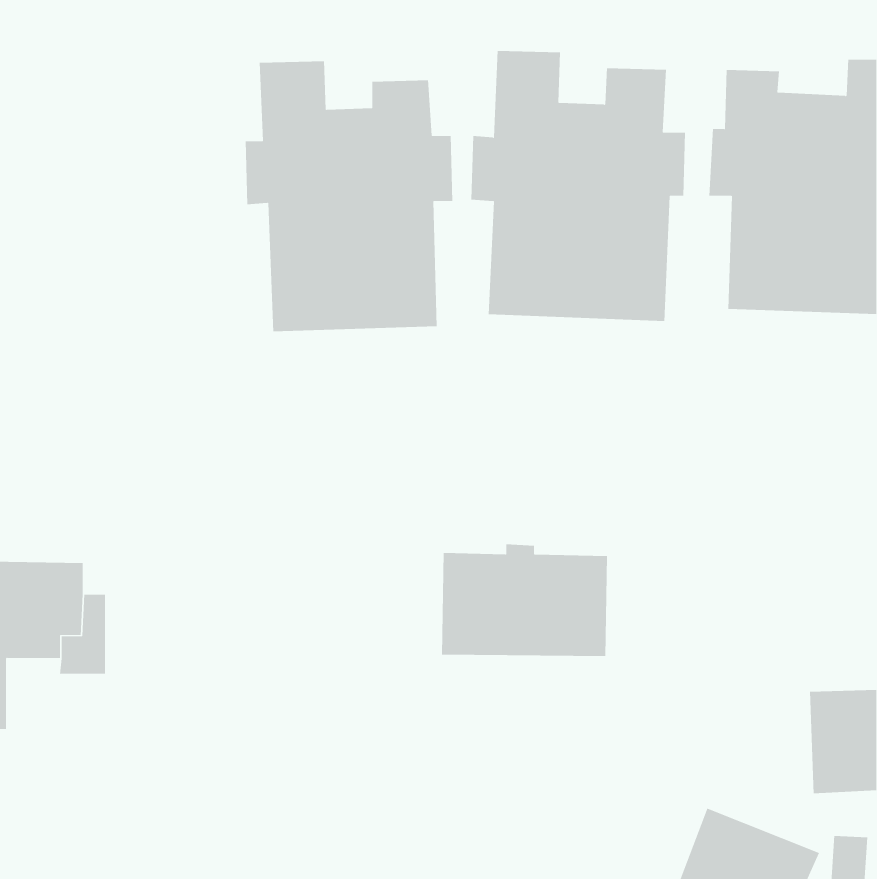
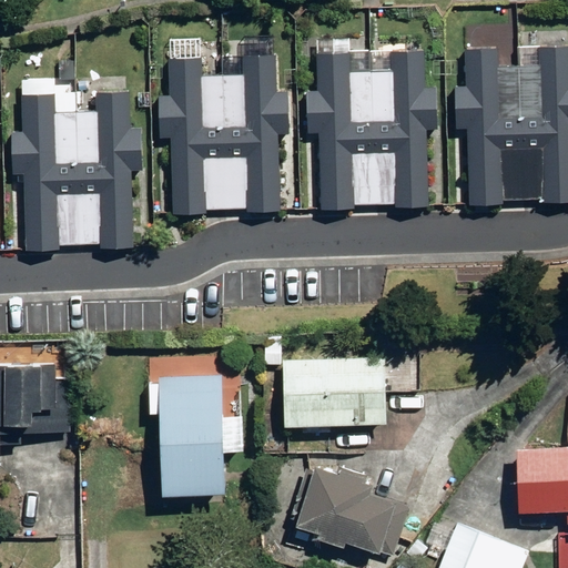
building: none -> [10,80,145,254]
building: none -> [164,371,246,489]
building: none -> [296,462,405,555]

